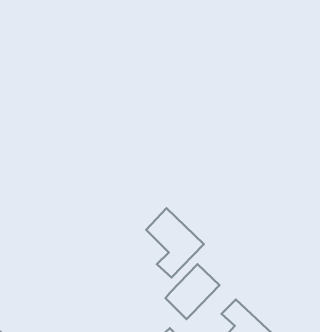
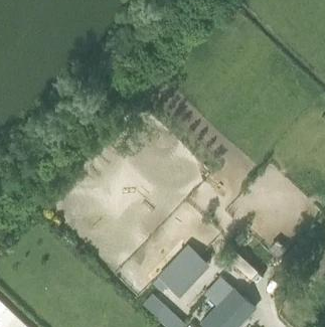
building: [146,208,204,278] -> none

